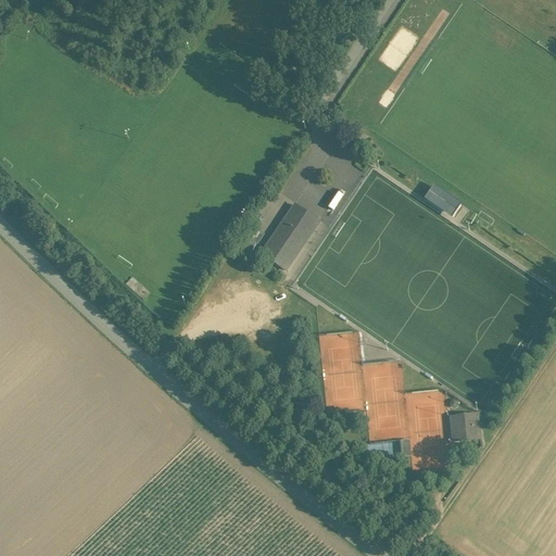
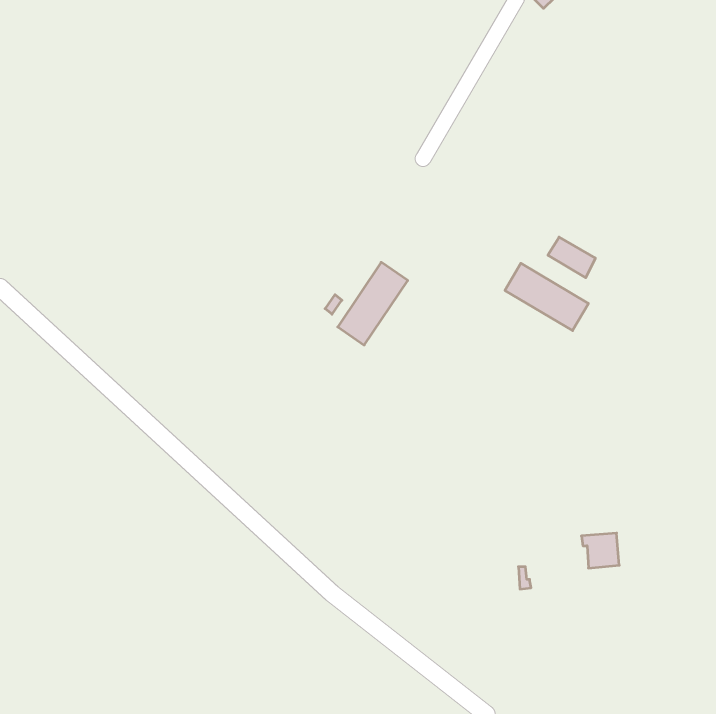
building: none -> [505,263,588,331]

